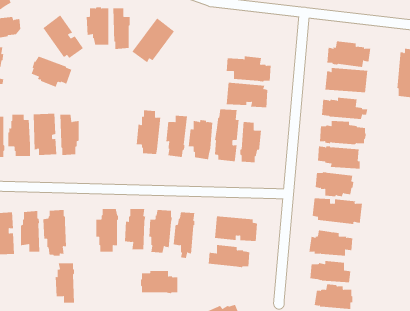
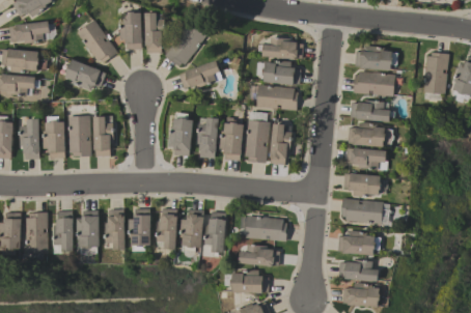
building: none -> [257,36,302,59]
building: none -> [177,60,219,88]
building: [55,263,75,303] -> [105,209,124,249]
building: [140,271,178,294] -> [230,271,268,293]

